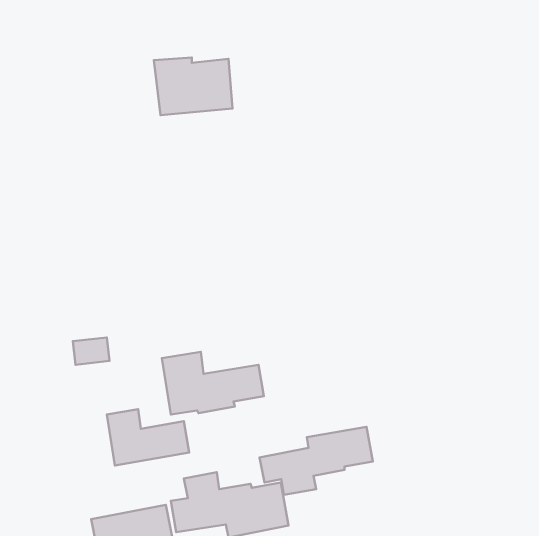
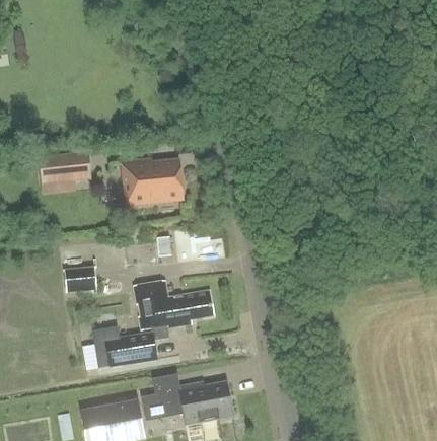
building: [154,58,232,115] -> [123,158,184,203]
building: none -> [40,150,92,185]
building: [260,427,373,495] -> none

